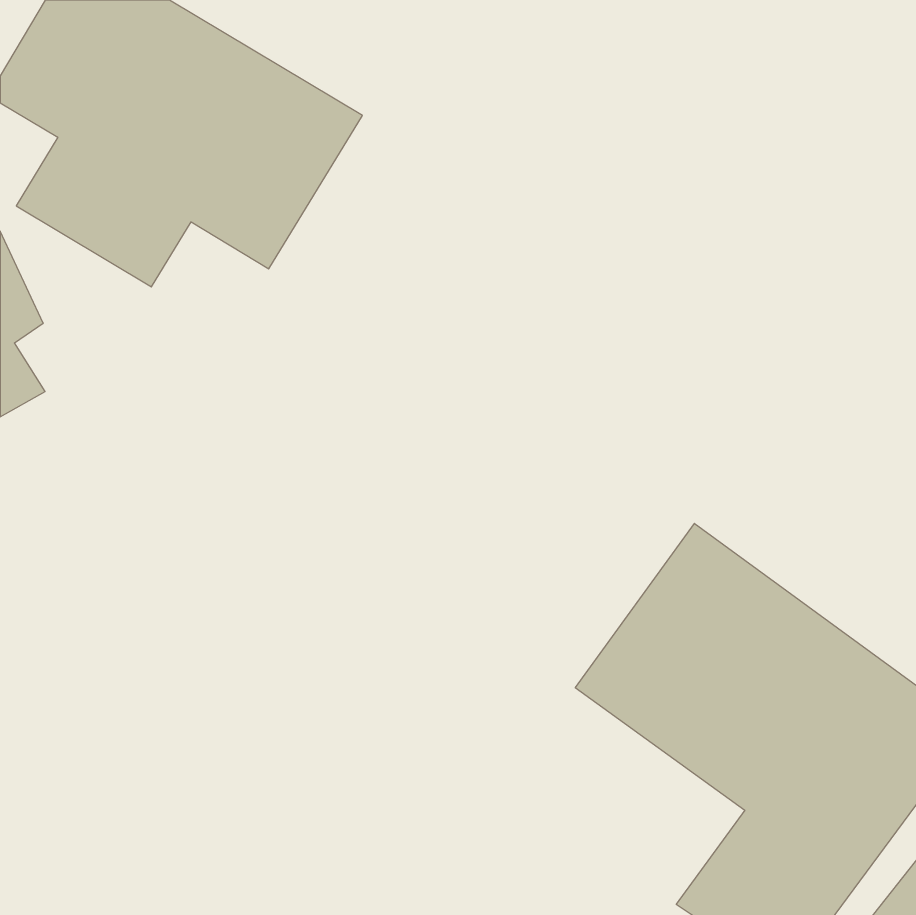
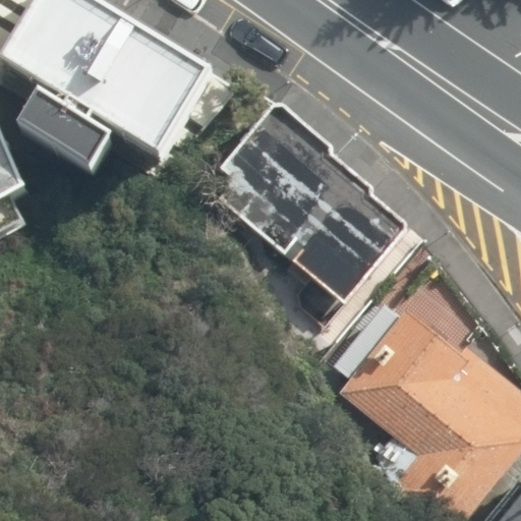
building: none -> [217,103,408,304]

